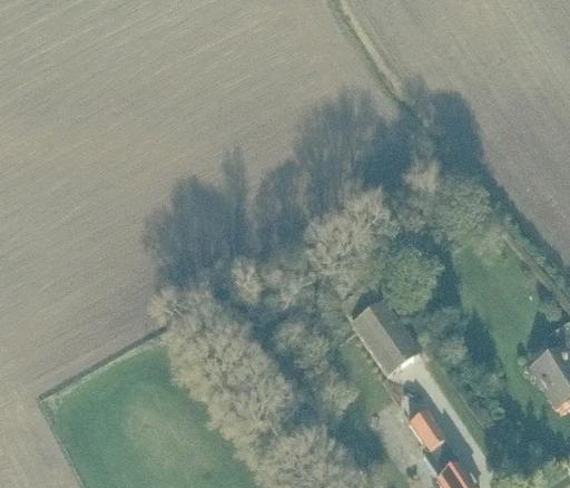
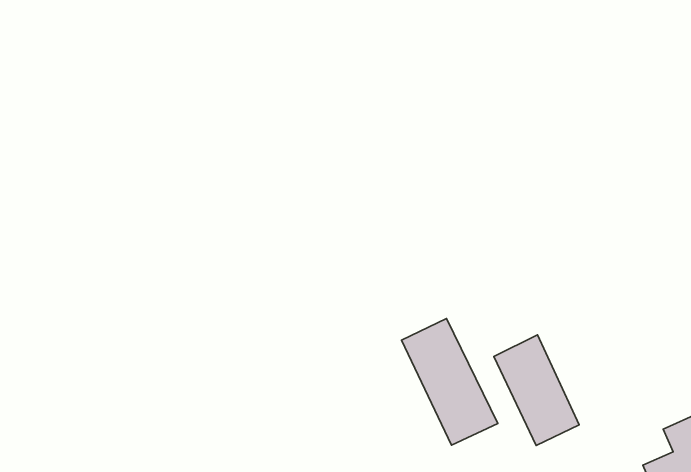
building: none -> [494,335,579,445]

